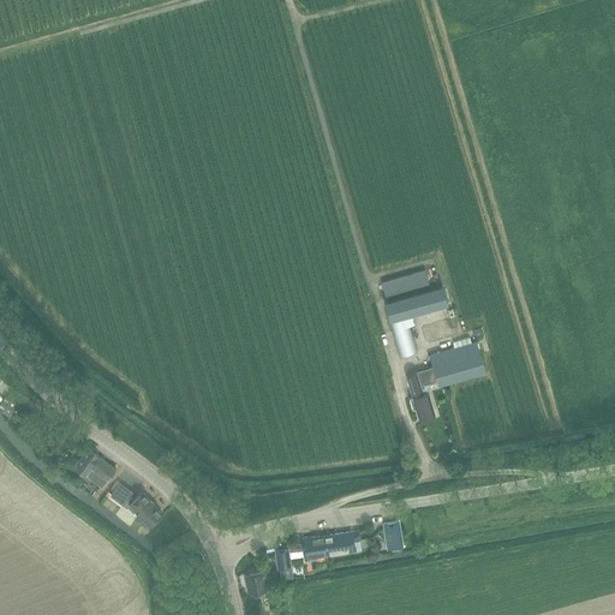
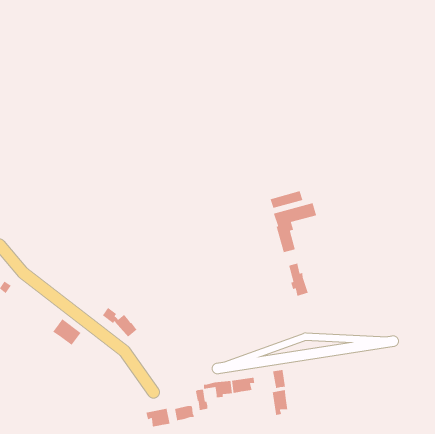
building: [419,339,484,387] -> none
building: [111,484,161,527] -> [102,307,138,338]
building: none -> [272,389,288,416]
building: none -> [146,408,171,427]

